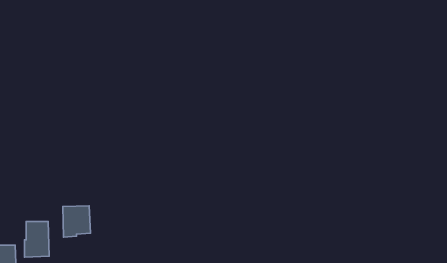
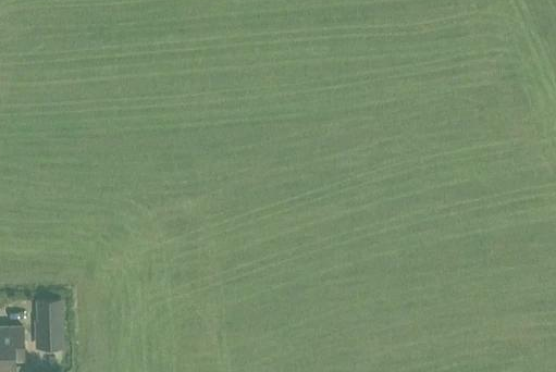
building: [63,206,90,237] -> none

